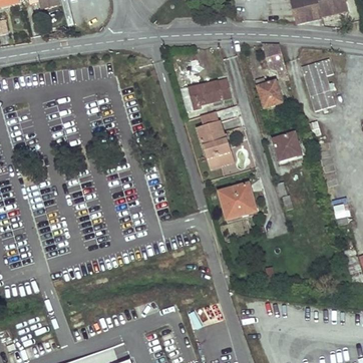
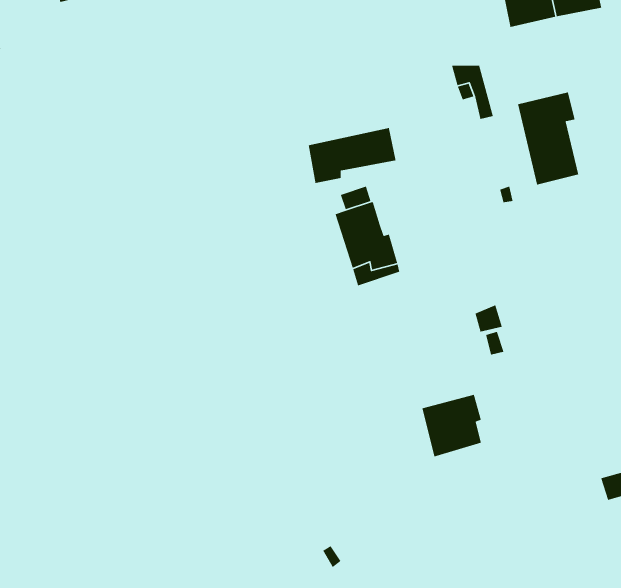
building: [255,77,282,107] -> none
building: [272,131,298,160] -> none
building: [219,183,253,219] -> [421,394,482,457]

